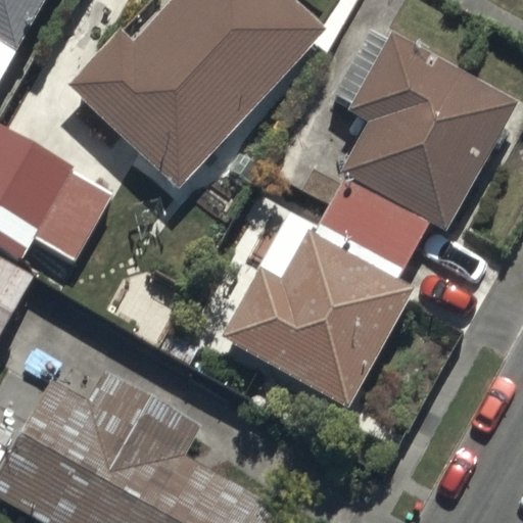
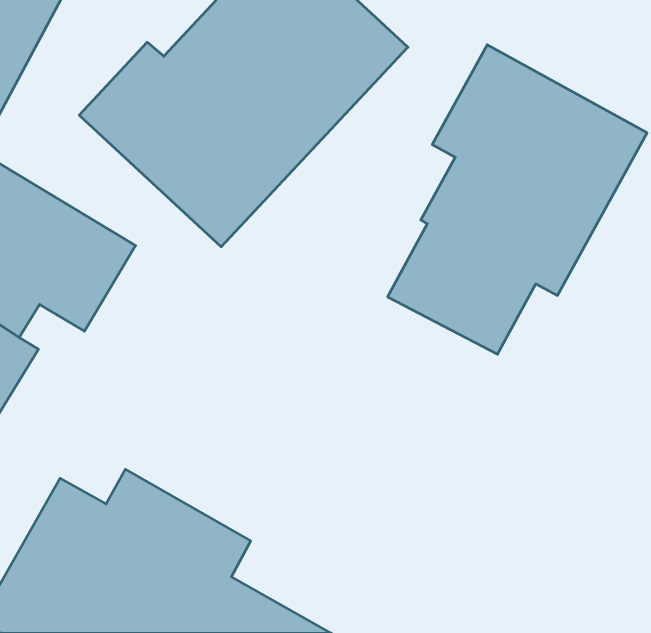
building: [218,215,415,415] -> none

